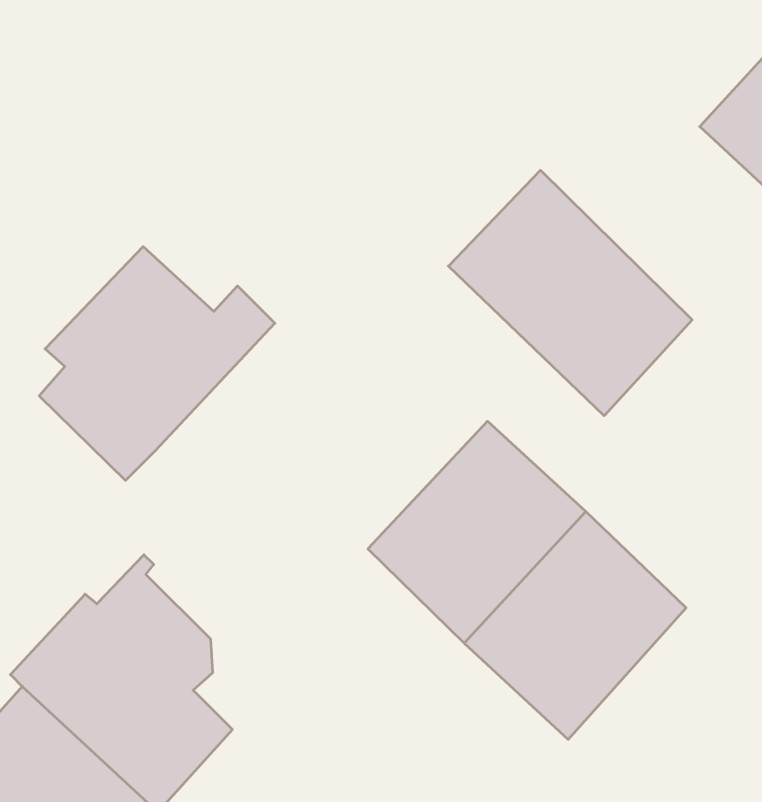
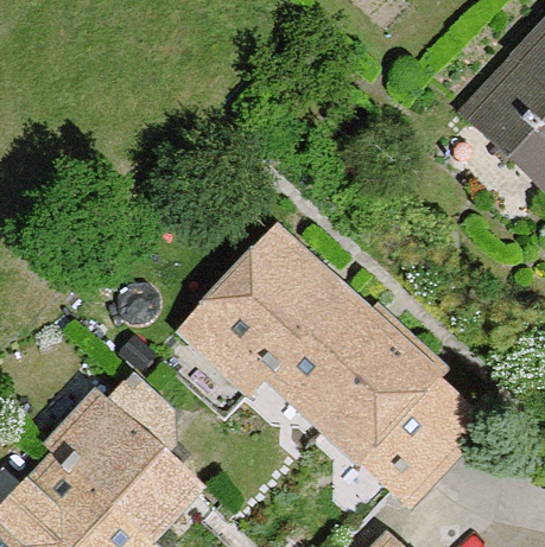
building: [448,170,692,416] -> none
building: [39,247,275,480] -> [201,248,343,389]

